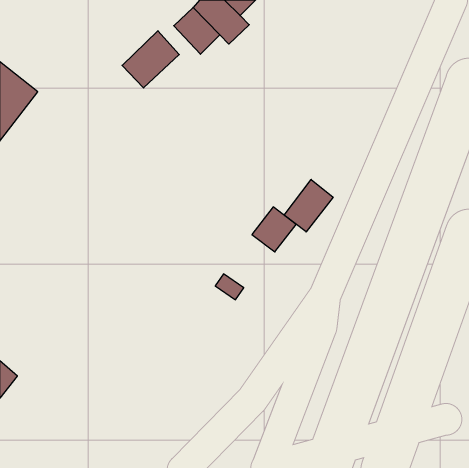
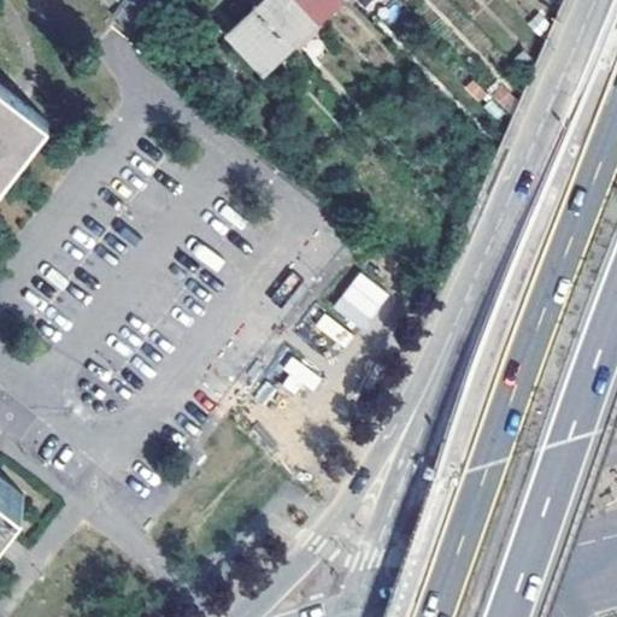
building: [122,31,179,88] -> none
building: [284,179,333,232] -> none

